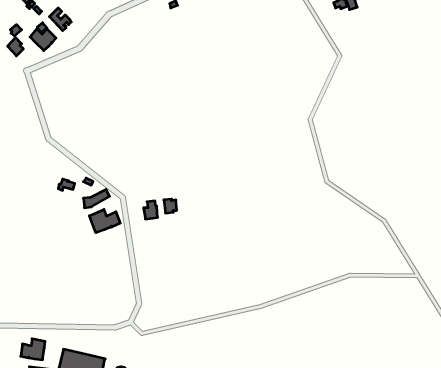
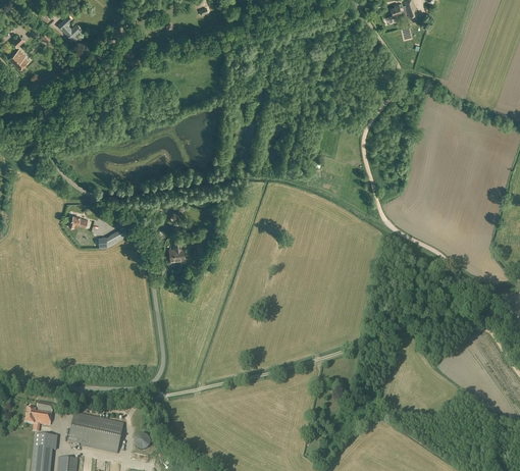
building: [30,29,56,51] -> none
building: [89,209,120,233] -> none

